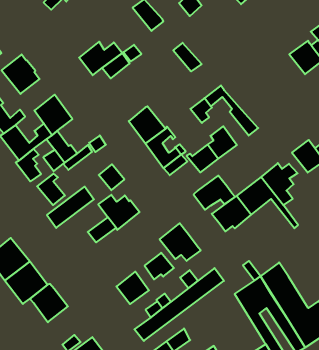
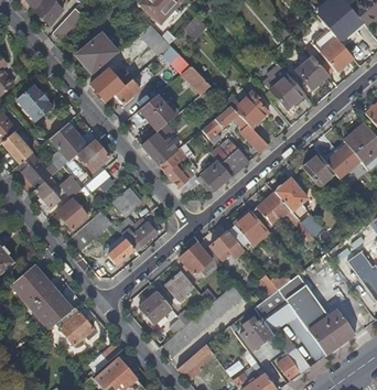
building: none -> [76,34,115,71]
building: none -> [269,74,304,109]
building: none -> [139,94,174,130]
building: none -> [233,90,268,128]
building: none -> [77,139,108,171]
building: [194,176,235,210] -> [204,230,245,264]
building: none -> [237,321,270,349]

